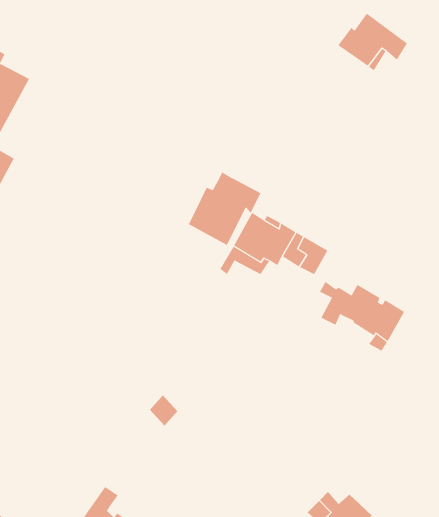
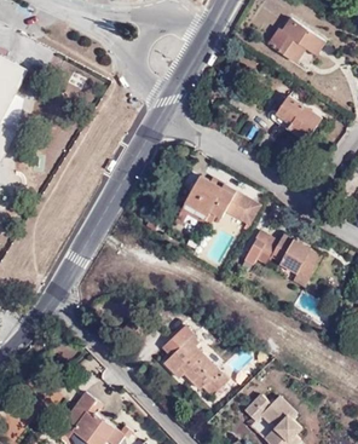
building: none -> [276,96,321,139]
building: [188,171,261,246] -> none
building: none -> [162,325,227,396]

